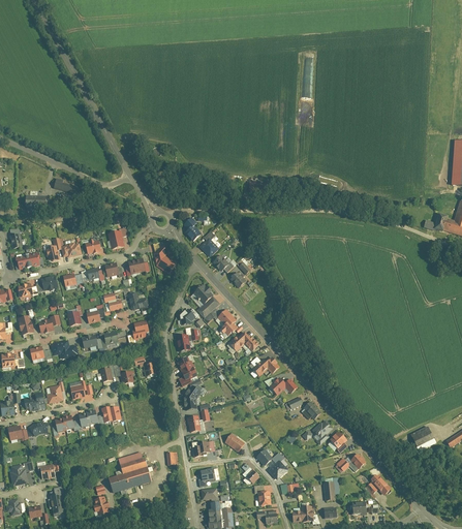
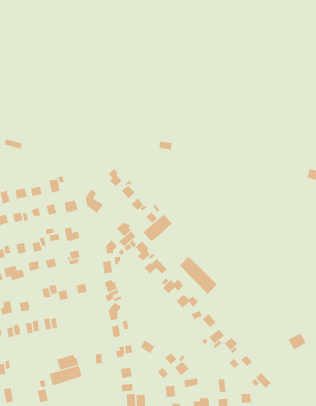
building: none -> [142,214,173,242]
building: none -> [179,256,218,295]

